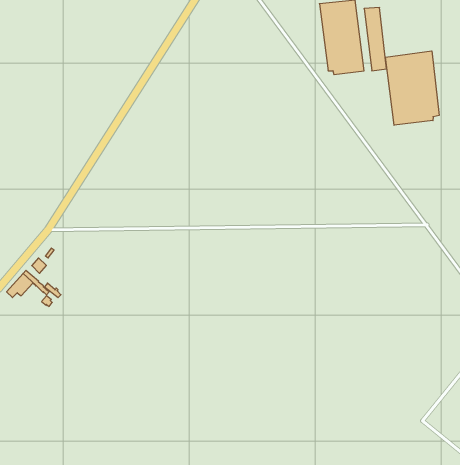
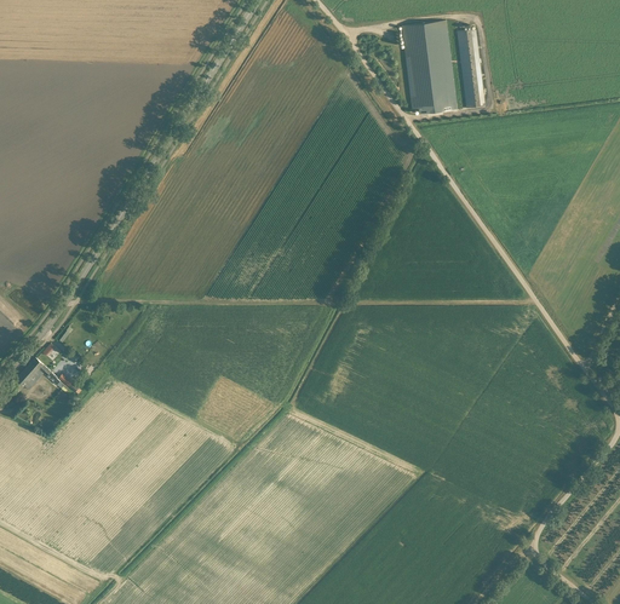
building: [385,51,439,125] -> none

